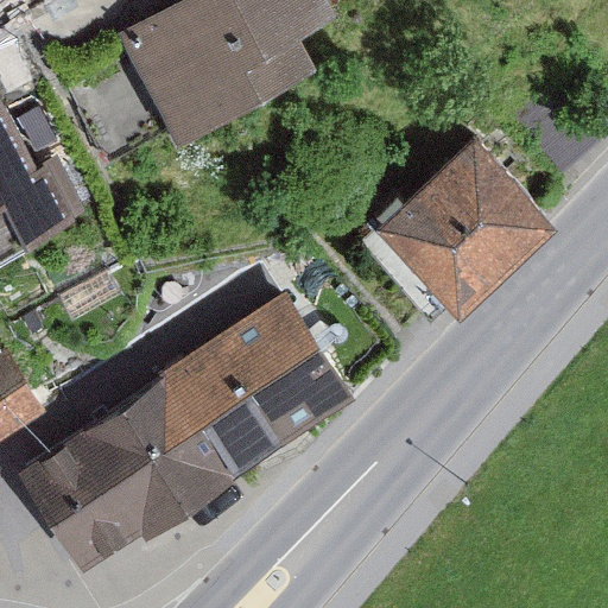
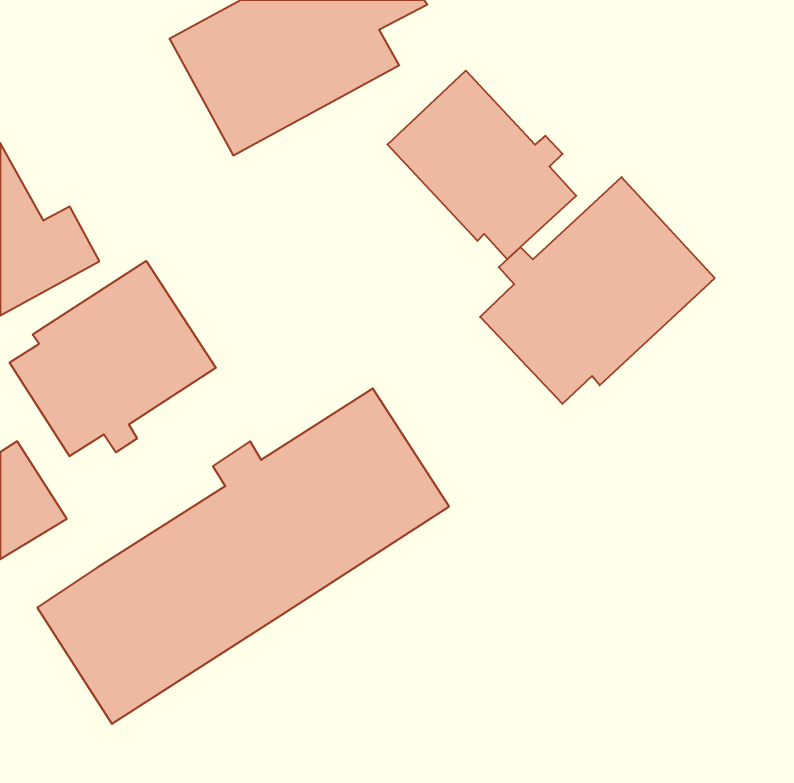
building: none -> [387,71,576,259]
building: none -> [10,261,216,456]

